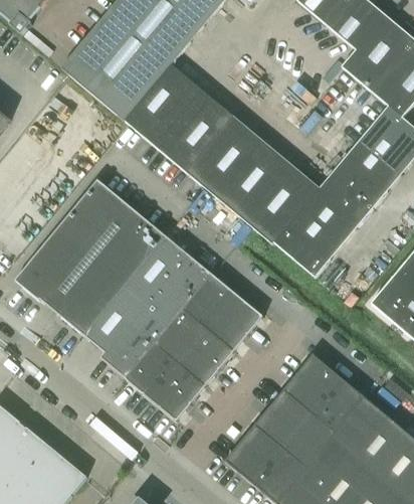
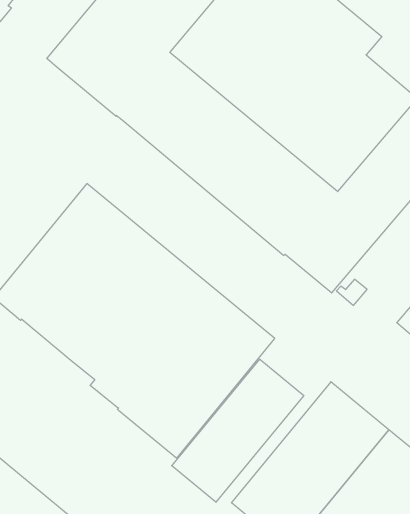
building: none -> [172,359,304,502]

